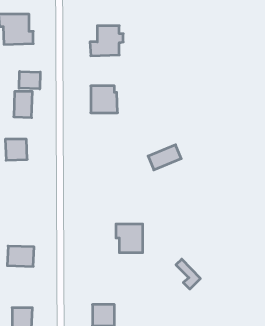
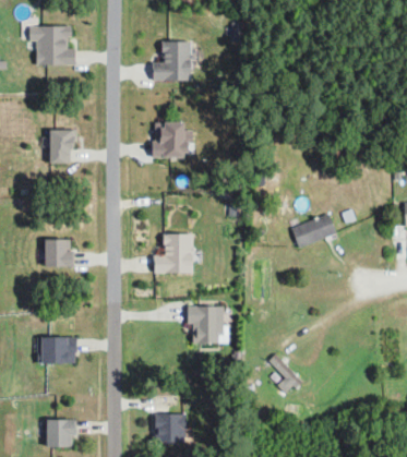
building: [19,71,40,89] -> none
building: [5,139,27,160] -> [45,239,74,267]
building: [148,145,181,170] -> [291,214,336,248]
building: none -> [155,232,194,273]

